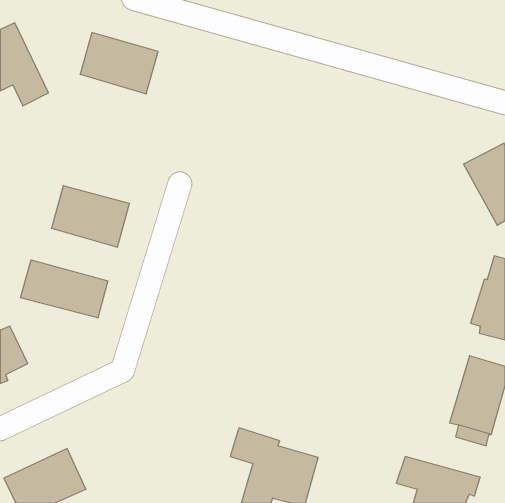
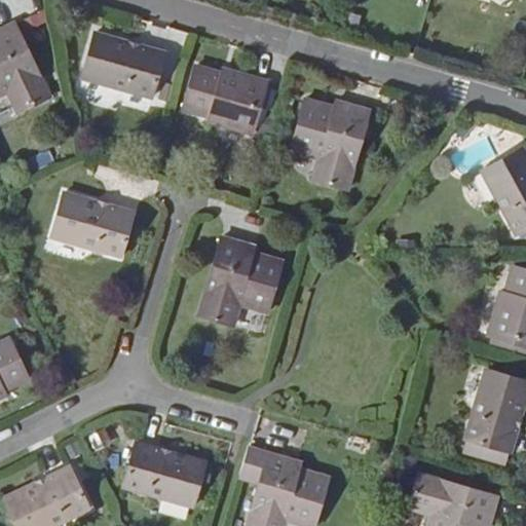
building: none -> [184,68,269,135]
building: none -> [293,101,370,190]
building: none -> [200,236,284,324]
building: [21,260,108,318] -> none
building: none -> [124,443,205,506]

